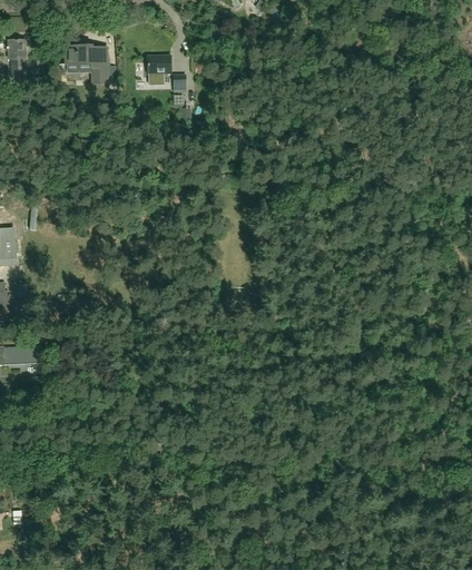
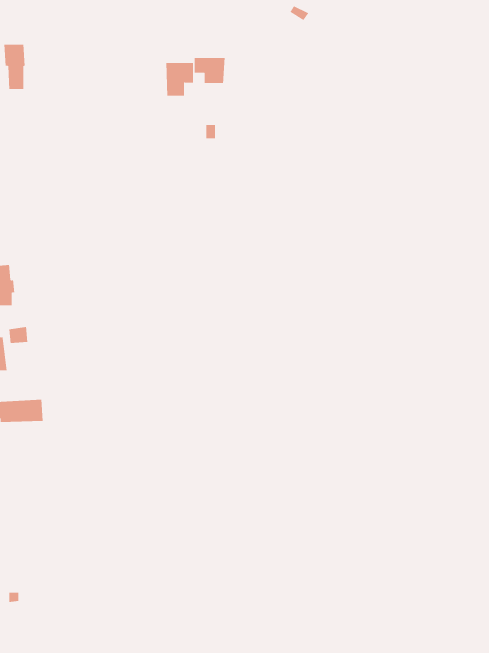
building: [65,45,108,80] -> none
building: none -> [194,57,225,84]

